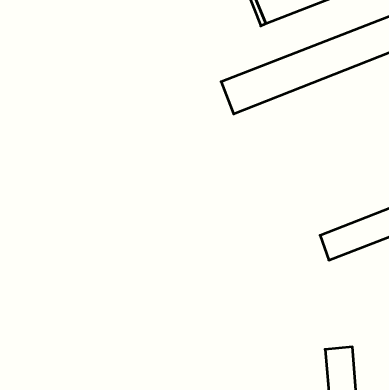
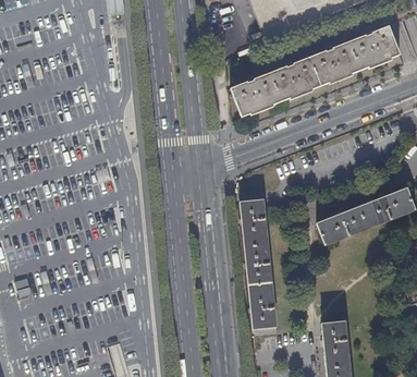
building: none -> [240,199,275,332]

